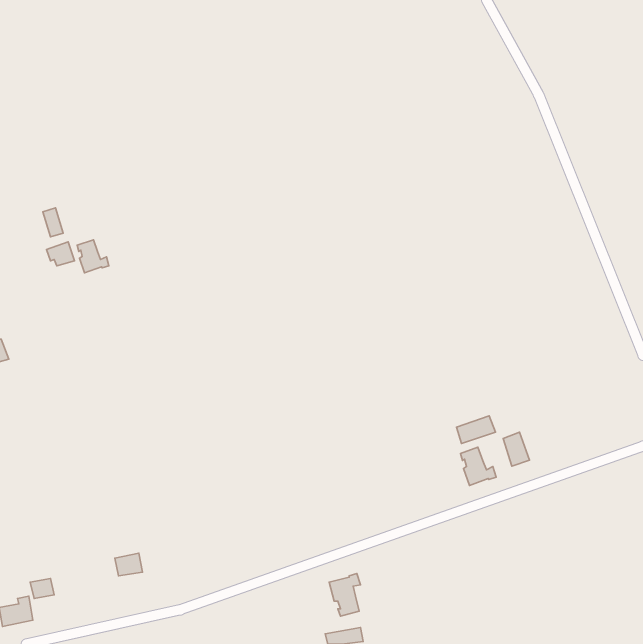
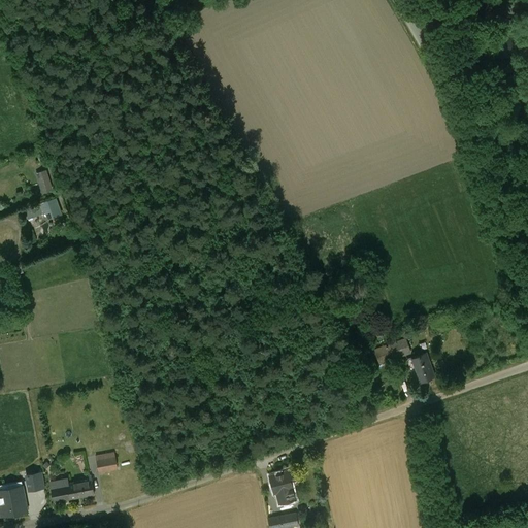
building: [77,240,109,273] -> none
building: [460,447,496,485] -> none
building: none -> [50,475,92,502]

